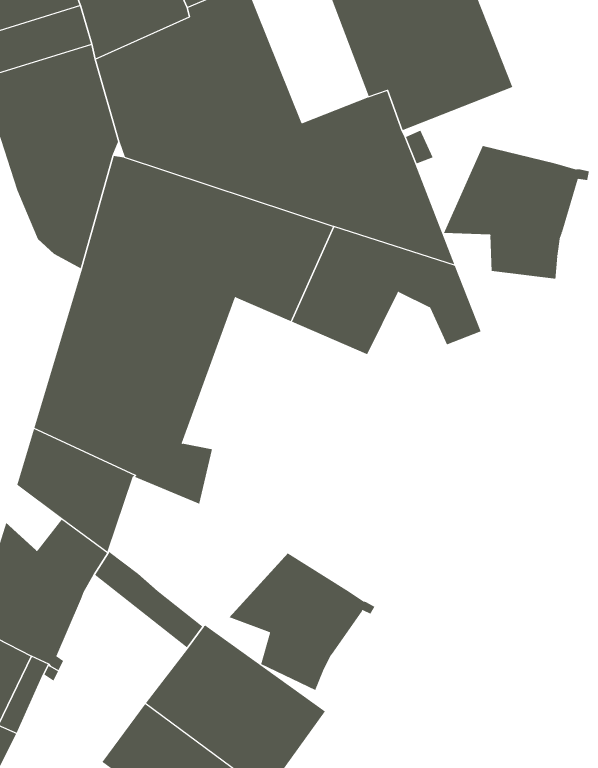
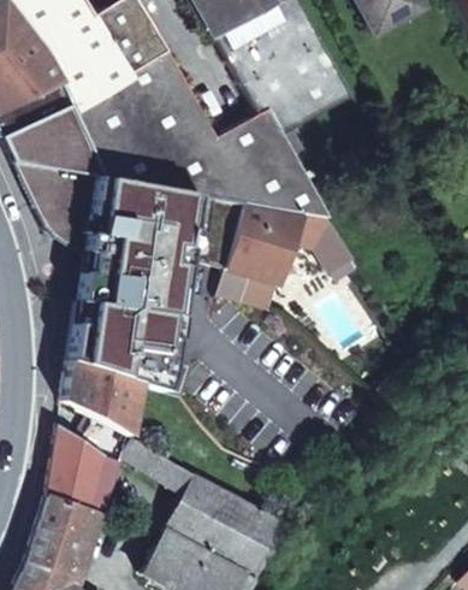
building: [443,145,590,279] -> none
building: none -> [219,267,278,307]
building: [229,552,375,691] -> none

